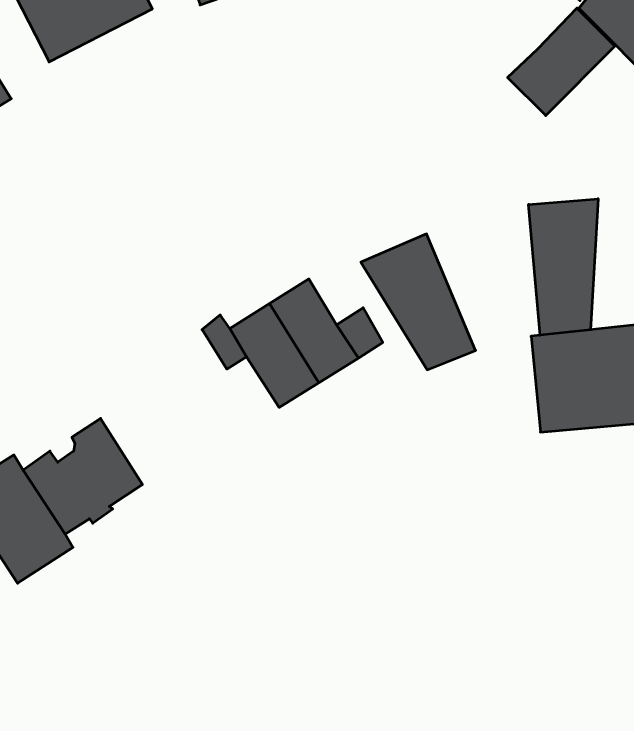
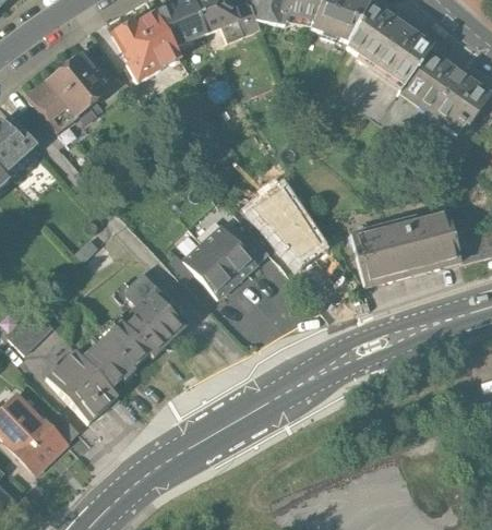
building: [508,8,615,116] -> none
building: [529,199,598,335] -> none
building: none -> [120,270,190,357]

